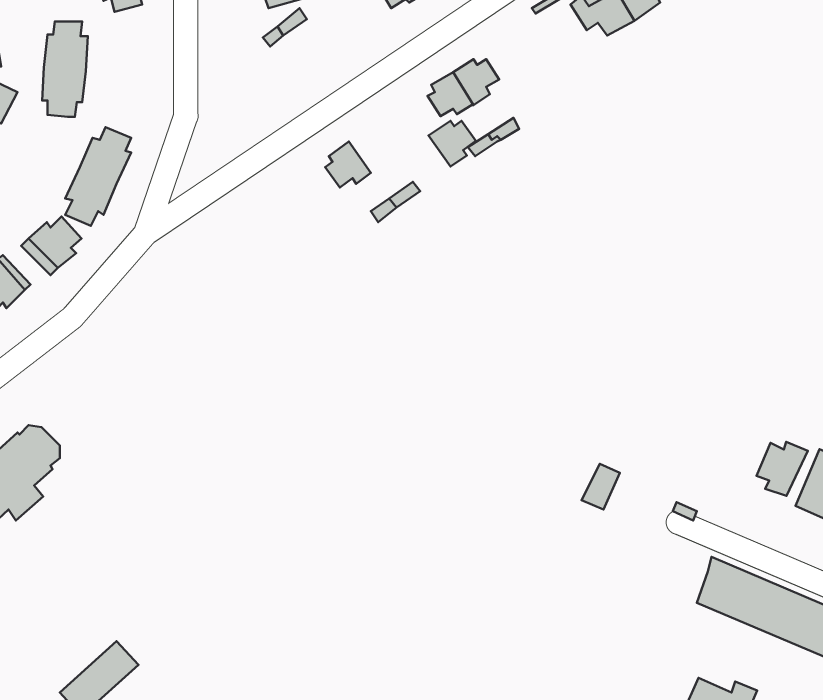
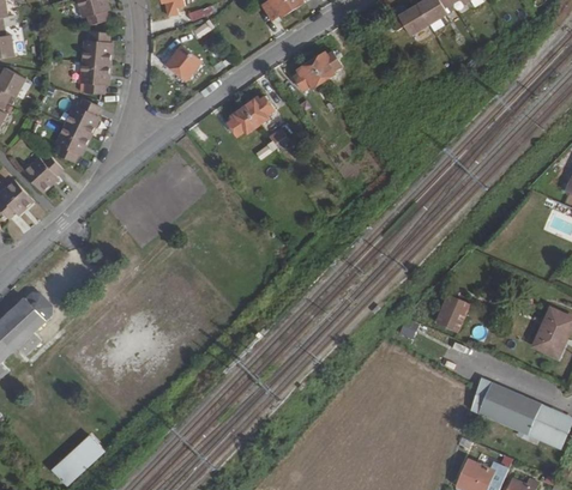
building: [42,22,88,117] -> [80,29,110,91]
building: none -> [167,46,200,79]
building: [428,121,476,166] -> [241,97,272,127]
building: none -> [430,294,465,332]
building: [756,442,808,496] -> none

